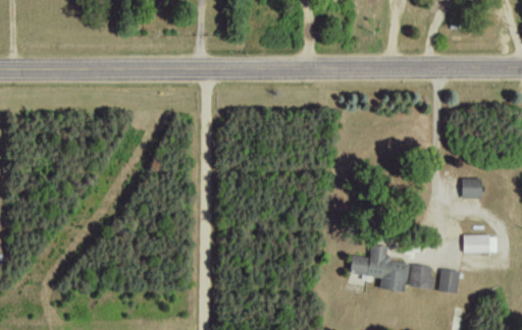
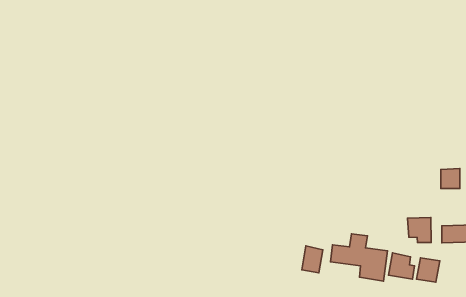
building: none -> [407,217,431,243]
building: none -> [302,246,323,273]

